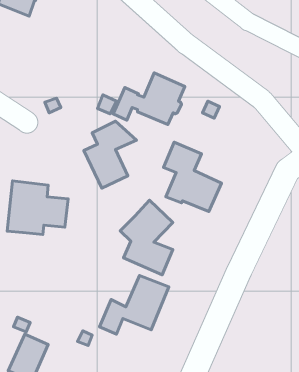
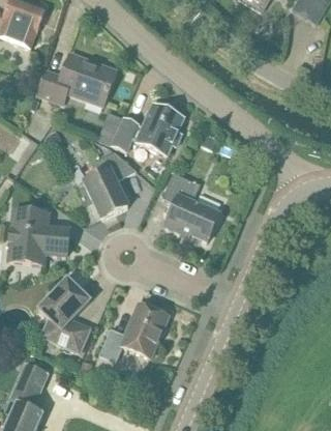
building: none -> [37,56,116,106]
building: [120,200,173,275] -> [38,279,90,352]

